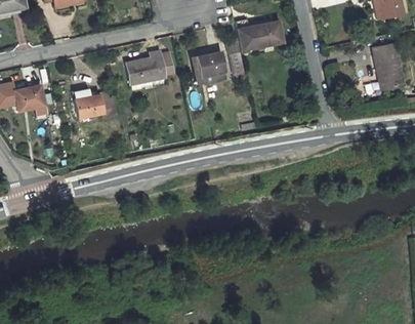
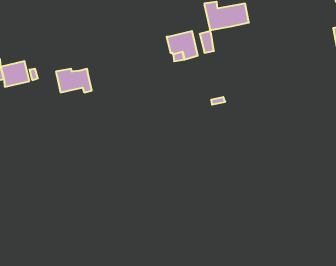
building: [125,51,171,84] -> none

